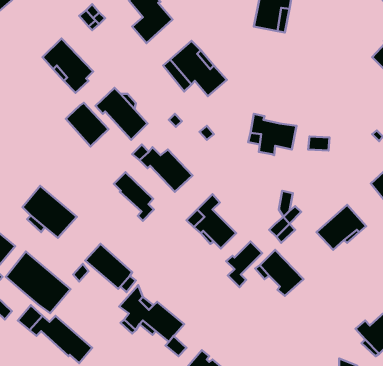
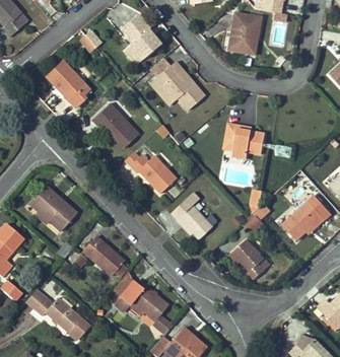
building: [66,103,108,146] -> none
building: [114,172,154,221] -> none
building: [226,242,262,287] -> none
building: [6,251,71,313] -> none

